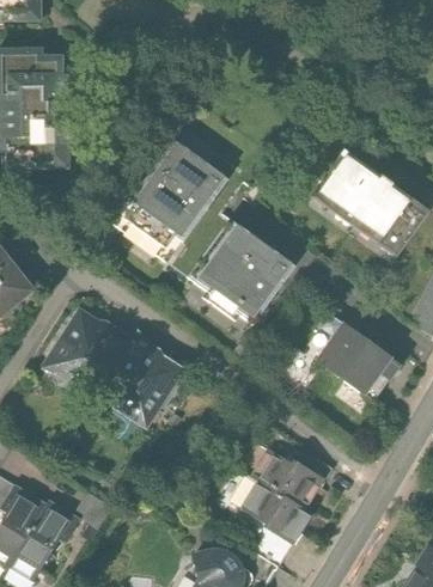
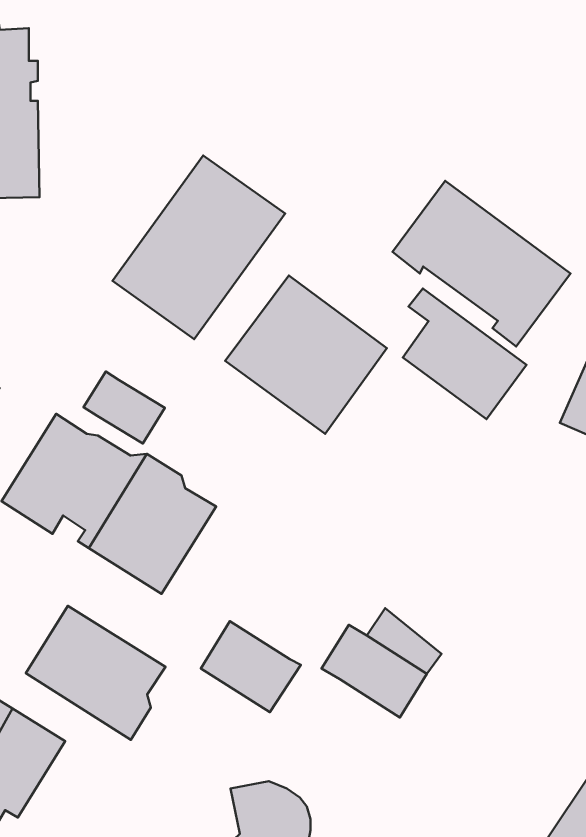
building: none -> [84,371,165,444]
building: [322,312,403,398] -> [403,288,527,419]
building: none -> [26,606,166,740]
building: [246,482,312,542] -> [201,621,301,712]

